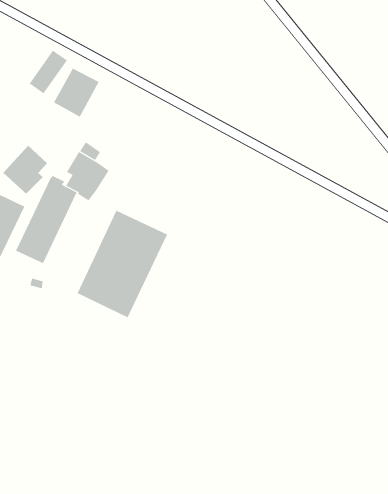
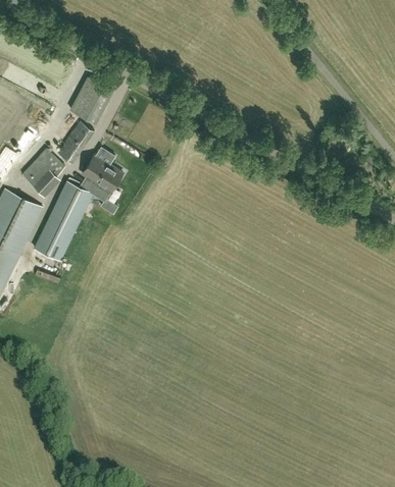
building: [29,50,68,94] -> [57,121,94,163]
building: [77,210,168,318] -> none

